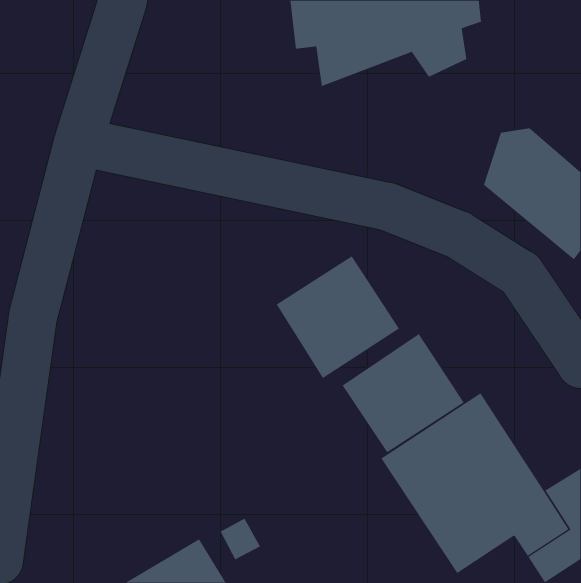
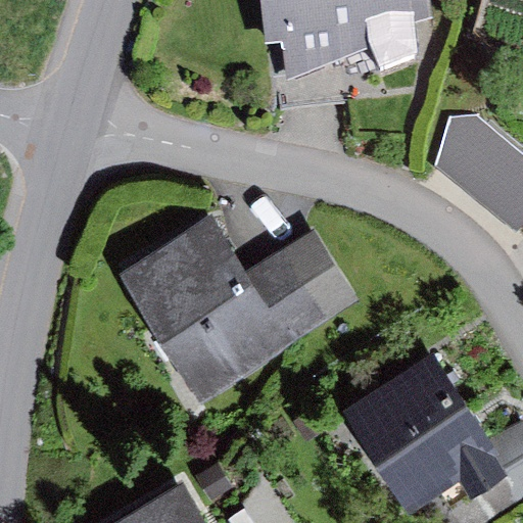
building: none -> [124,216,289,395]
building: [342,333,464,453] -> none

